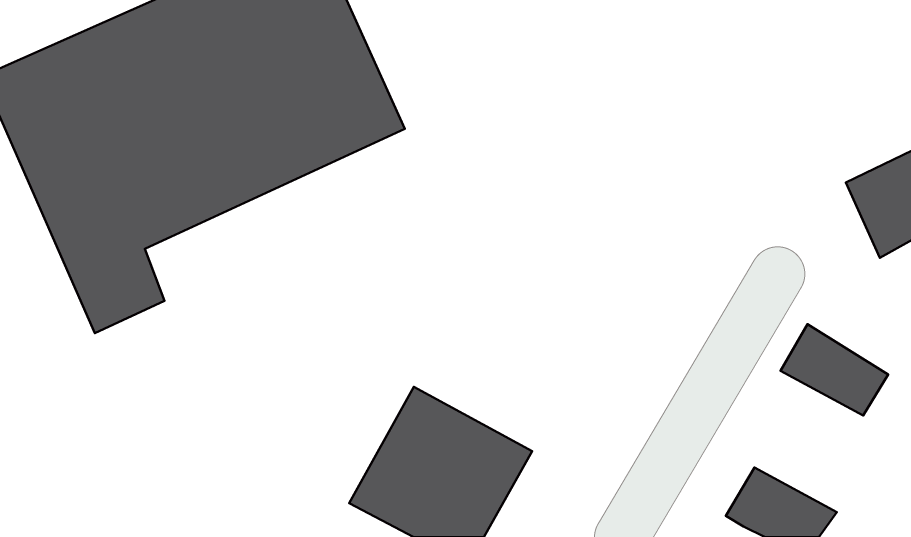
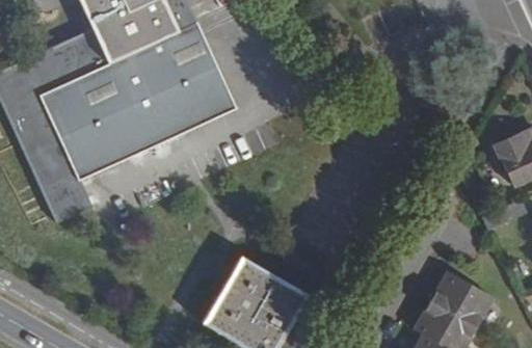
building: [781,324,888,416] -> [437,276,500,329]

